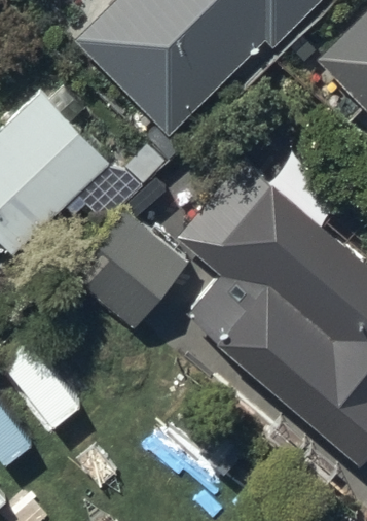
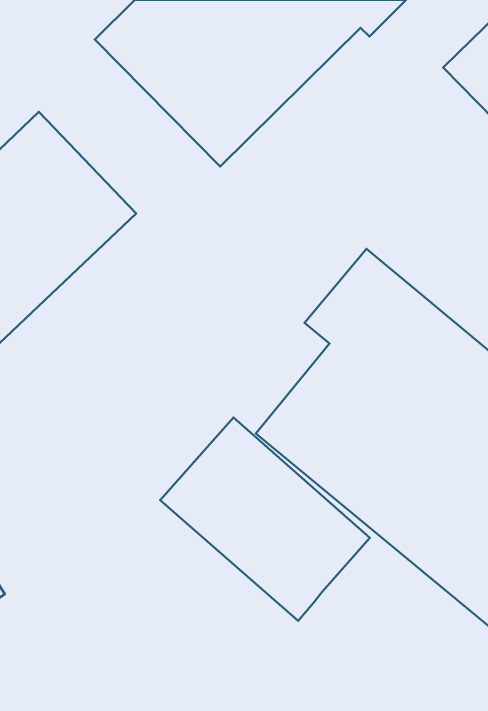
building: [75,215,187,327] -> none
building: none -> [160,417,370,621]

